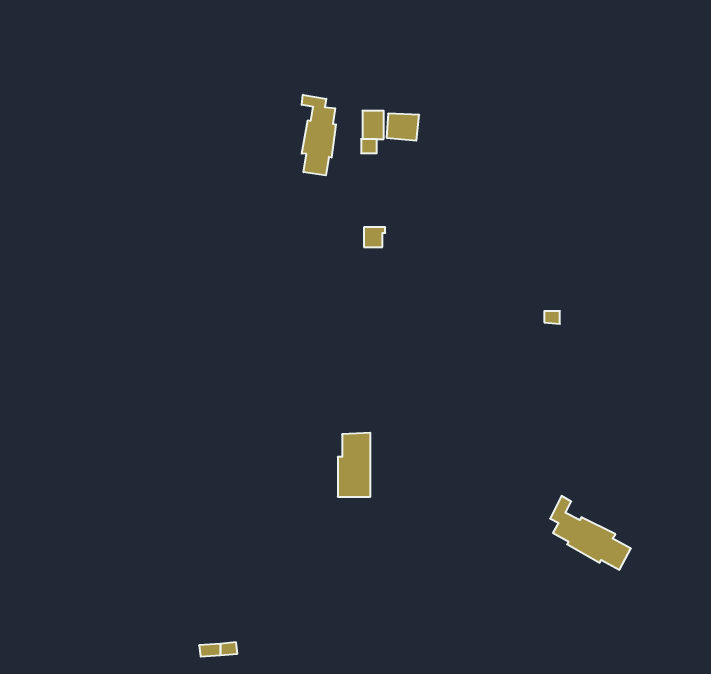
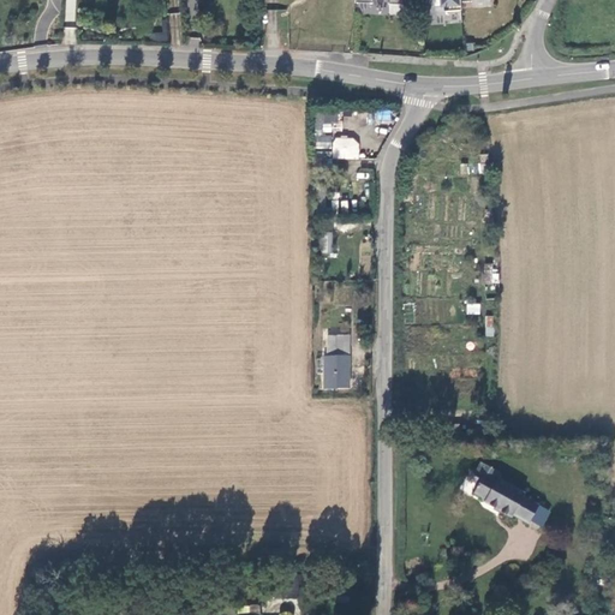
building: [302,95,336,175] -> none
building: [338,433,370,497] -> [323,335,351,389]

